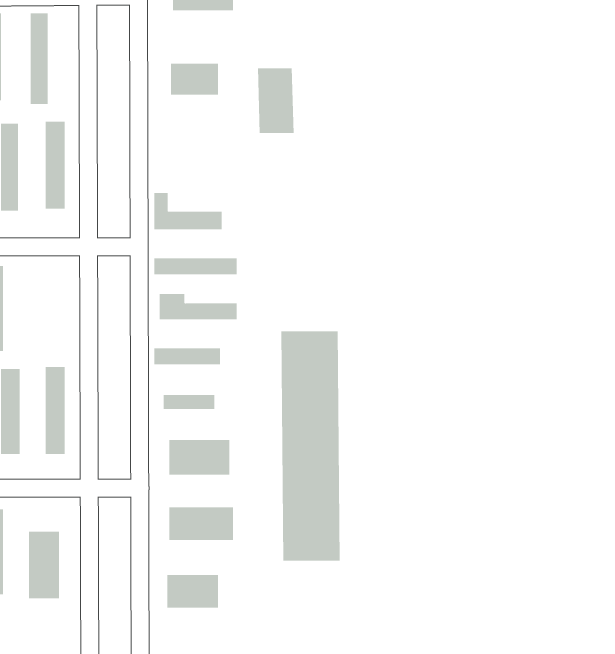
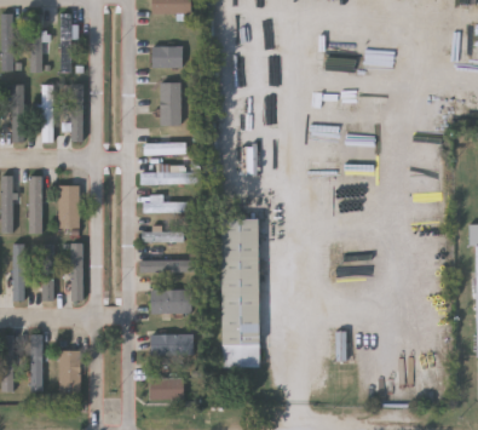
building: [257,68,294,133] -> [160,84,184,126]
building: none -> [58,185,79,228]

